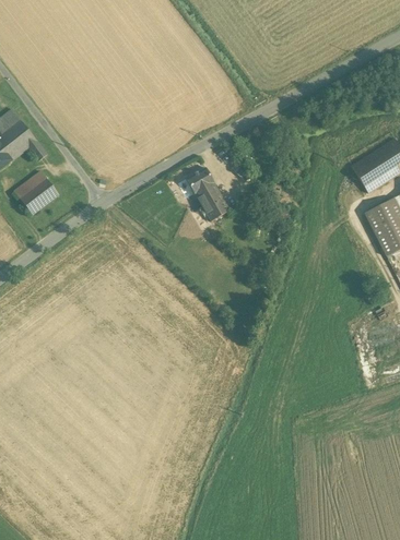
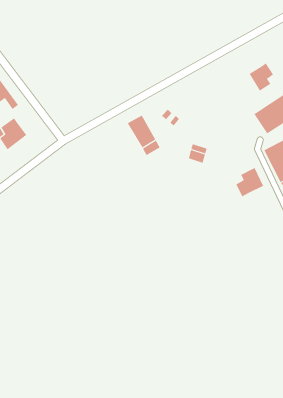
building: none -> [249,63,274,91]
building: none -> [235,167,264,197]

